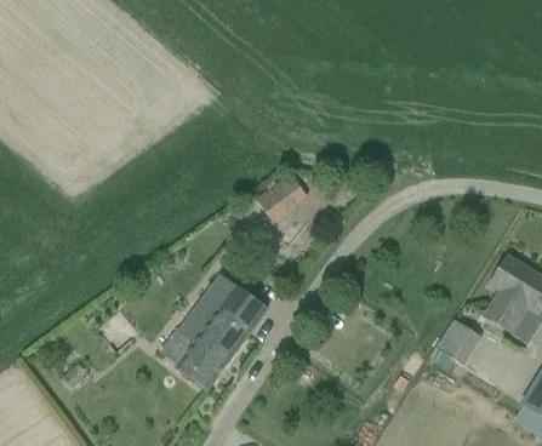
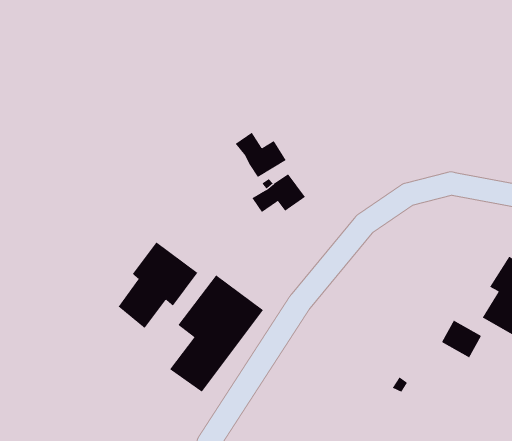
building: none -> [235,132,286,178]
building: none -> [118,241,198,329]

